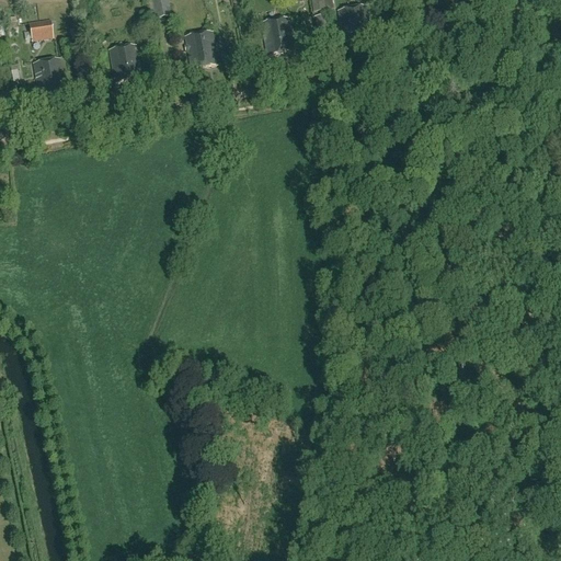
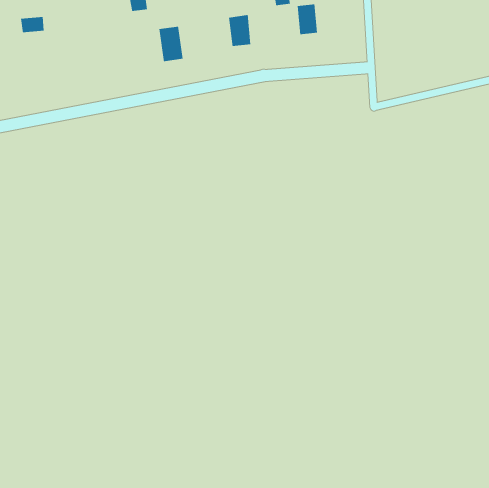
building: [112,42,140,81] -> none
building: [33,57,61,94] -> none

